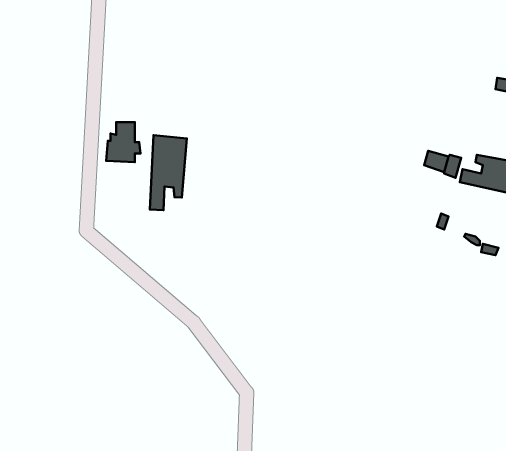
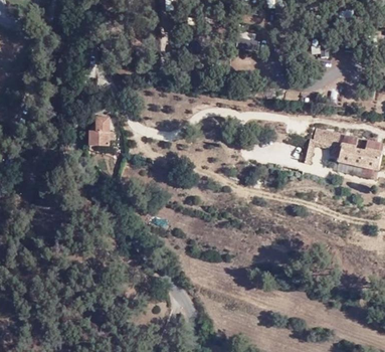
building: [150,135,187,210] -> none

